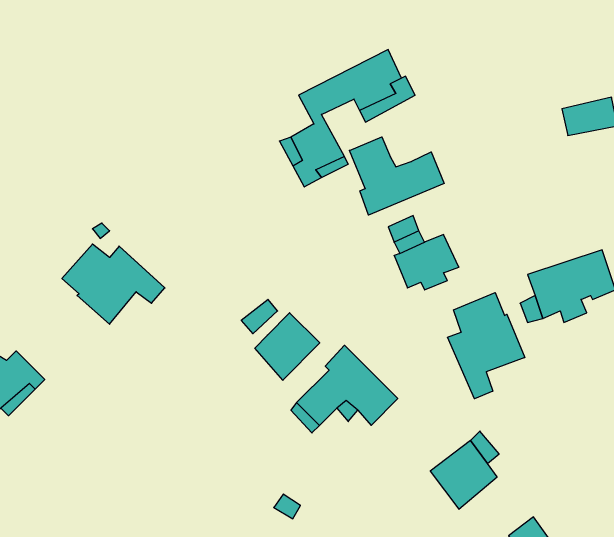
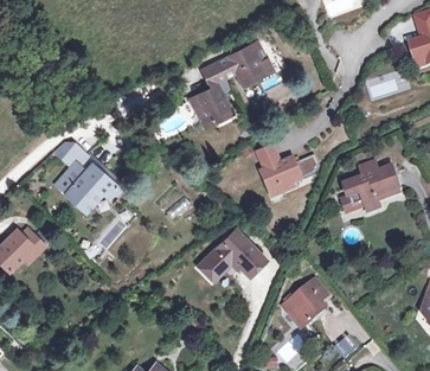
building: [349,137,444,215] -> none
building: [448,293,525,399] -> none
building: [255,313,320,380] -> none

